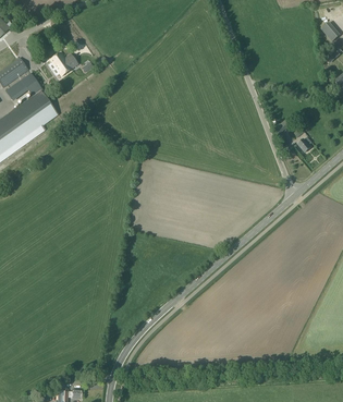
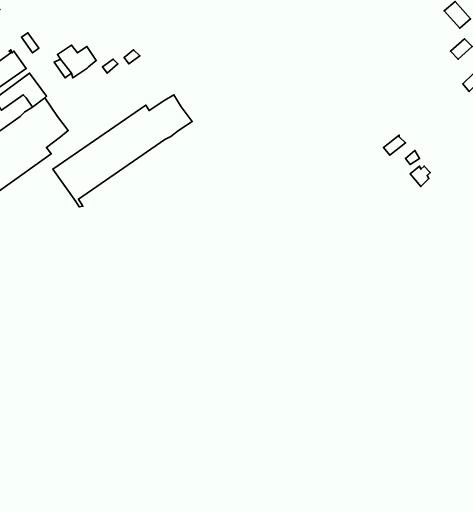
building: none -> [53,95,192,207]

